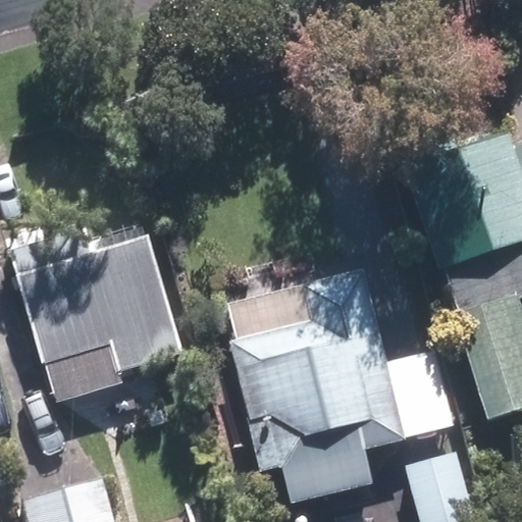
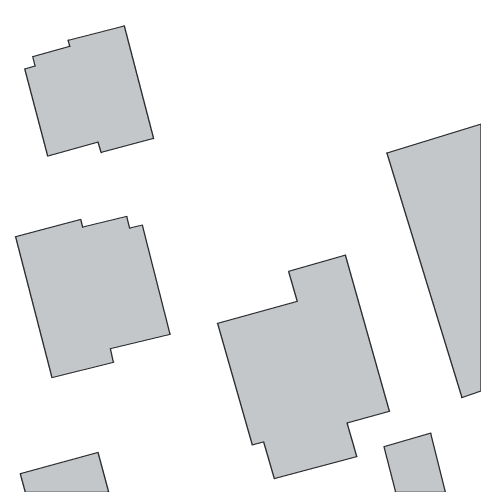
building: none -> [25,26,153,156]

